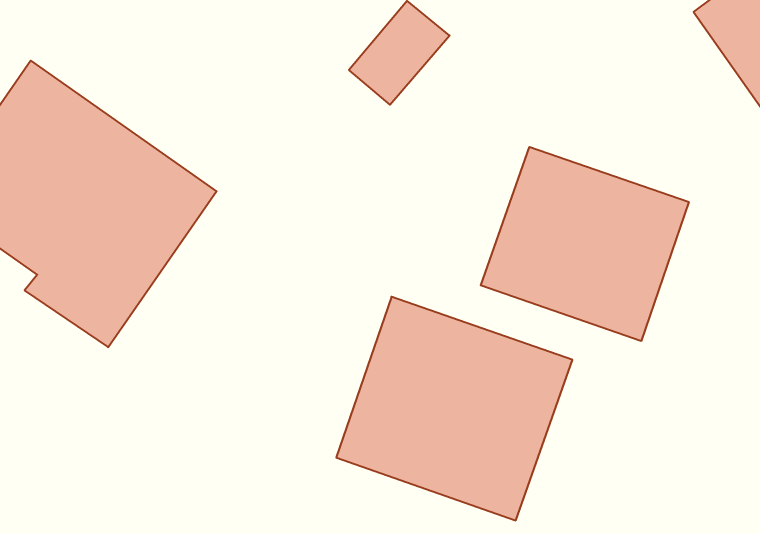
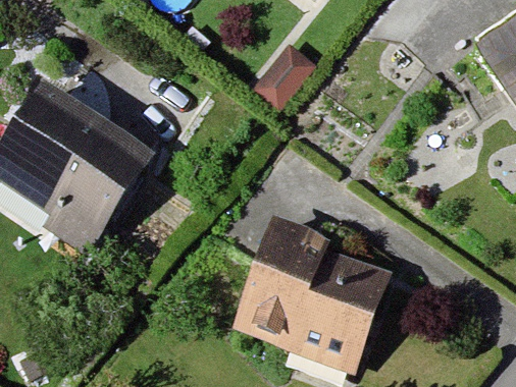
building: [481,147,689,341] -> none

